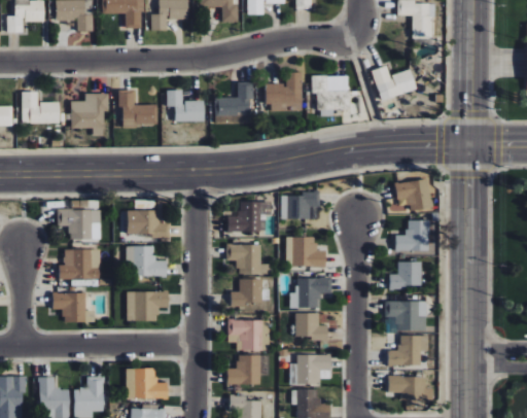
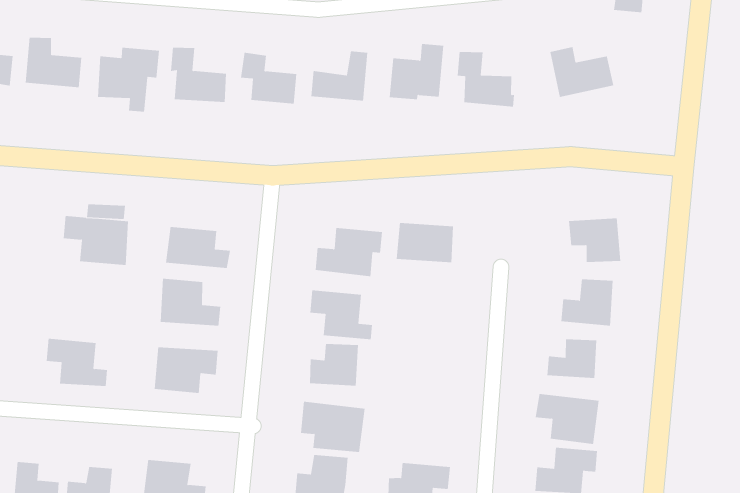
building: [285,237,326,268] -> none
building: [59,249,100,279] -> none
building: [289,278,331,309] -> none
building: [295,313,328,341] -> none

